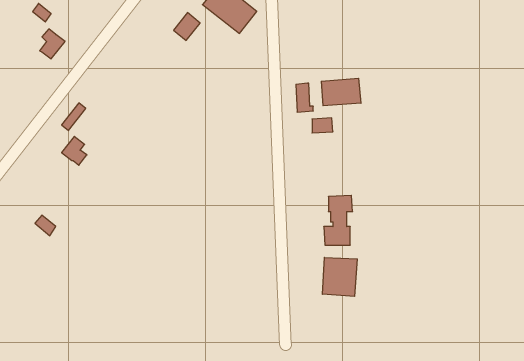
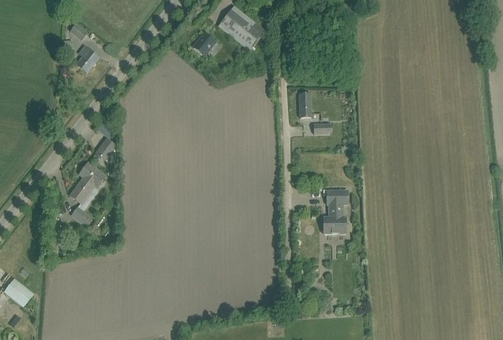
building: [321,78,361,106] -> none
building: none -> [69,161,105,203]
building: [322,257,357,296] -> none

